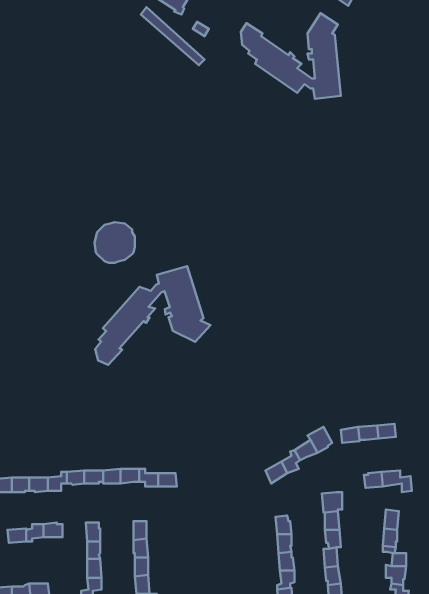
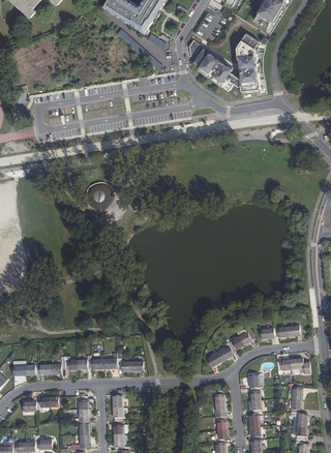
building: [95,266,210,365] -> none

